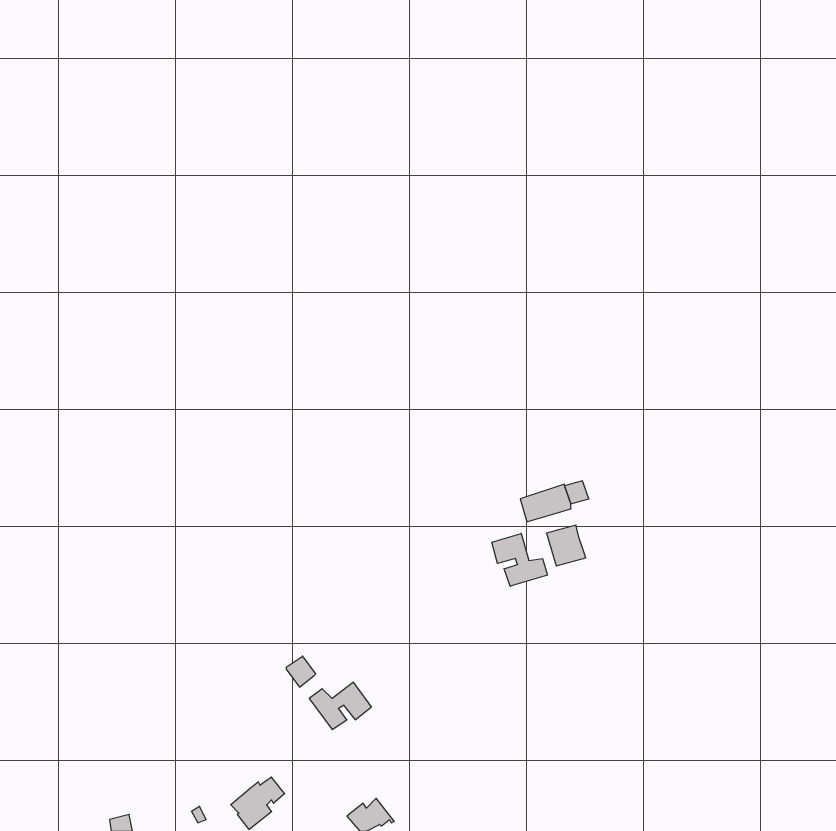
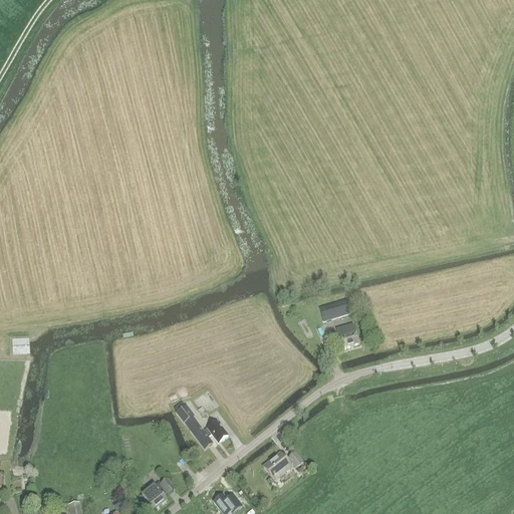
building: [492,533,547,586] -> none
building: none -> [263,451,302,479]

